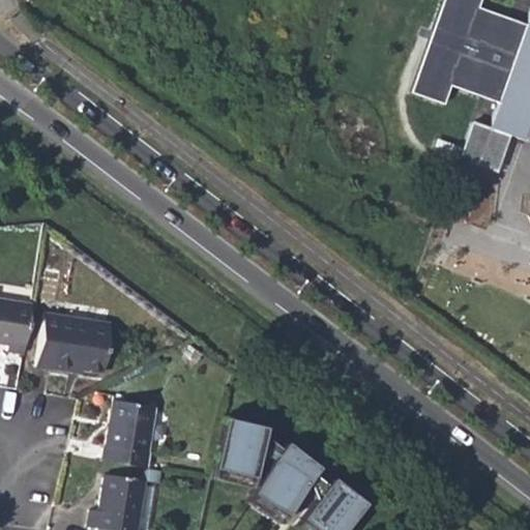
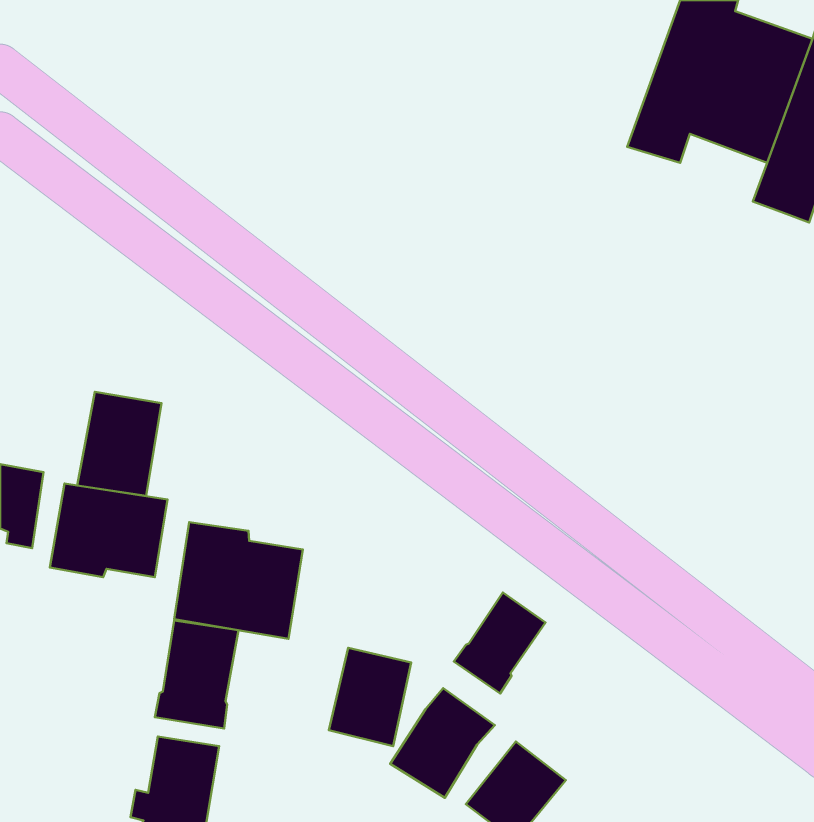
building: [460,123,509,172] -> none
building: none -> [77,392,161,496]
building: none -> [174,522,303,639]
building: none -> [454,592,546,694]

